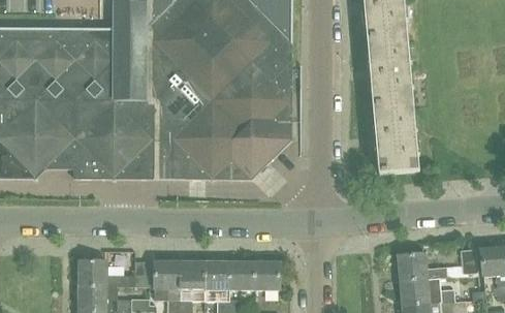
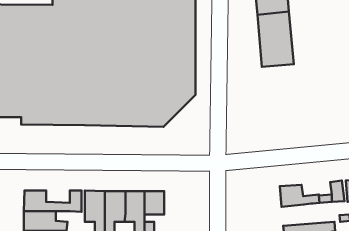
building: [374,102,420,174] -> none
building: [252,261,278,290] -> none
building: [399,277,453,305] -> none

